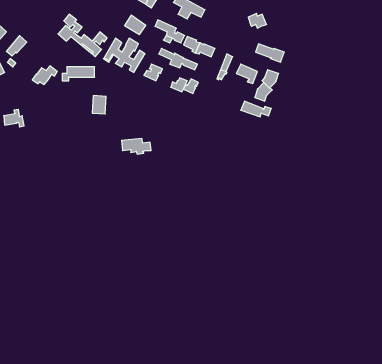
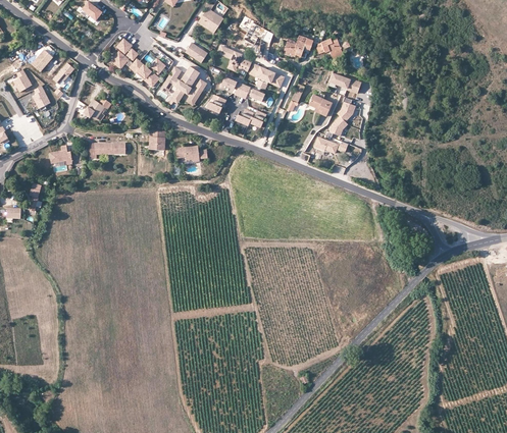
building: none -> [284,36,313,56]
building: [62,67,95,81] -> [91,143,126,158]
building: [122,139,151,154] -> [174,145,207,162]

